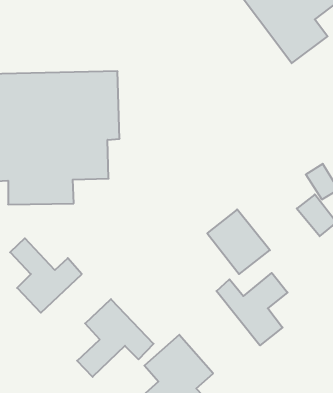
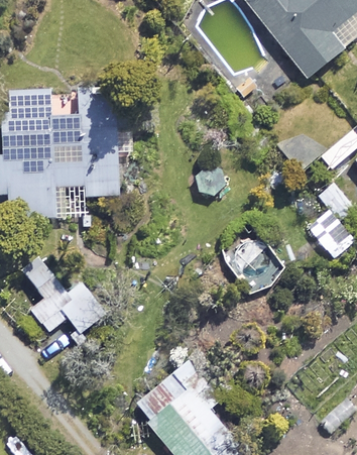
building: [216,273,288,345] -> none
building: [77,299,154,377] -> none

